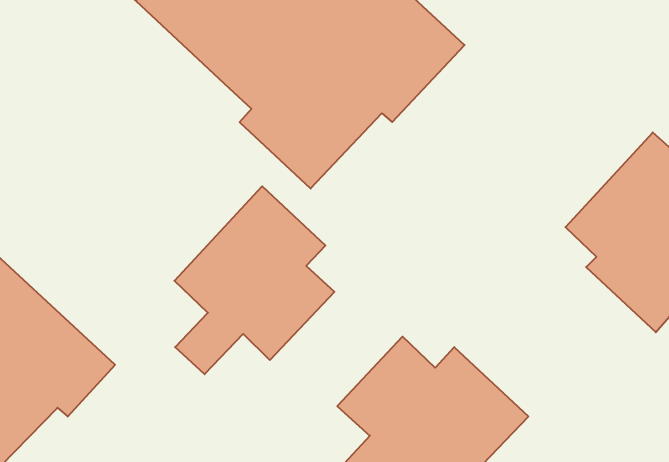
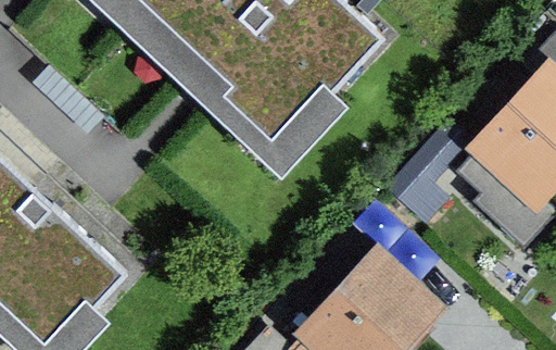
building: [174,186,334,374] -> none

